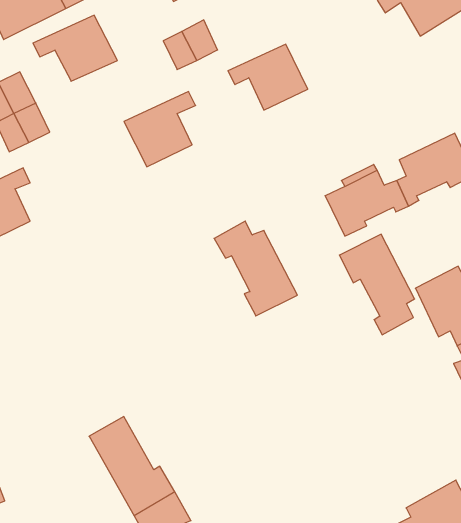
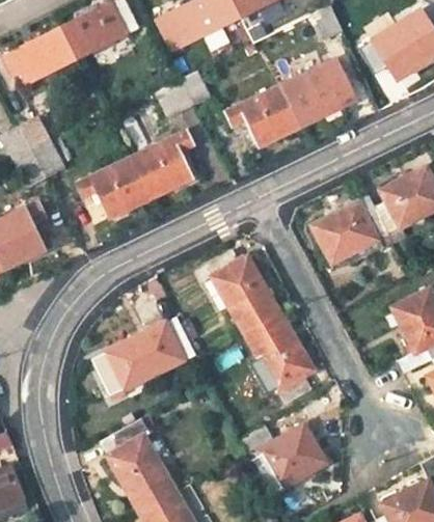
building: none -> [275,60,355,130]
building: [33,15,117,81] -> [75,159,151,218]
building: [339,234,415,335] -> [248,314,316,405]
building: none -> [89,317,194,397]
building: none -> [241,423,323,479]

